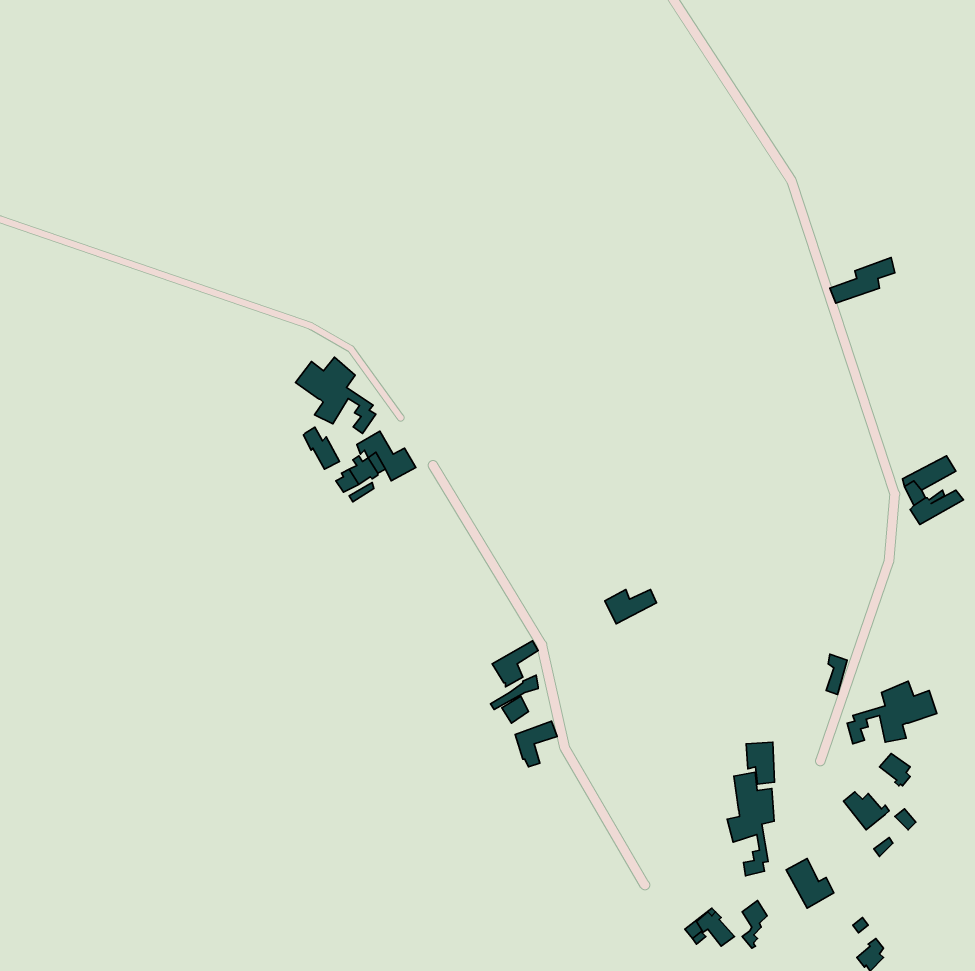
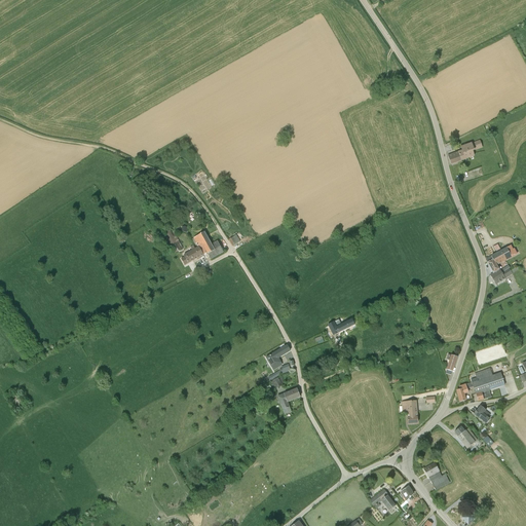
building: [296,357,376,434] -> none
building: [727,772,774,876] -> none

